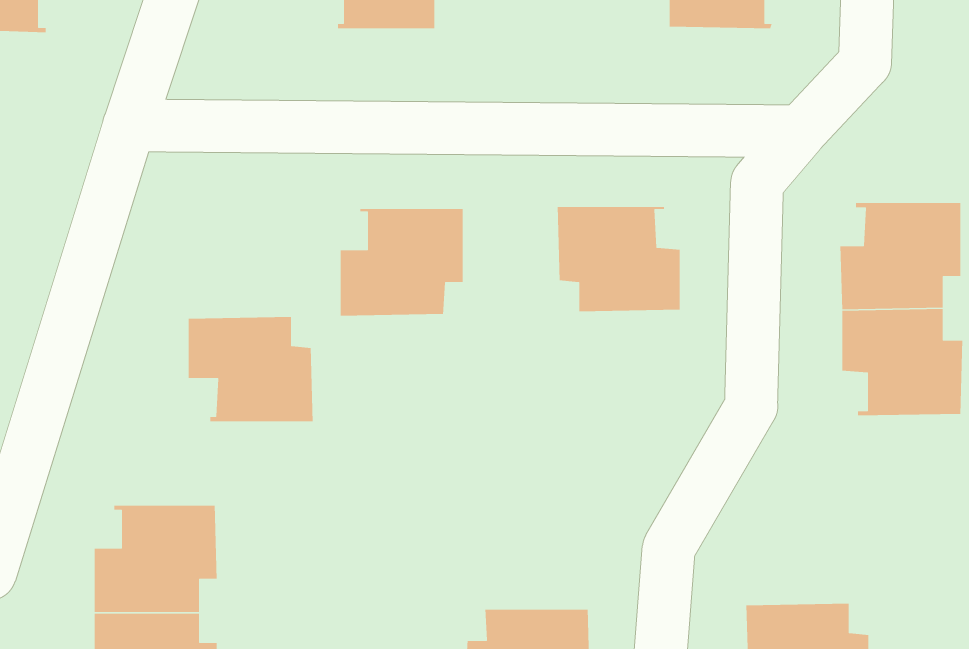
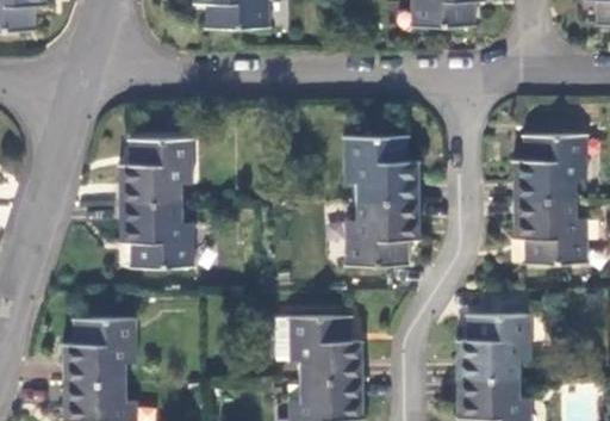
building: [340,208,463,316] -> [119,137,194,203]
building: none -> [346,198,418,264]
building: none -> [458,311,531,377]
building: none -> [287,314,362,379]

